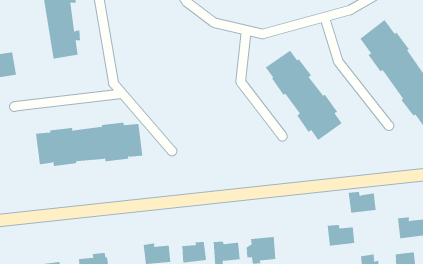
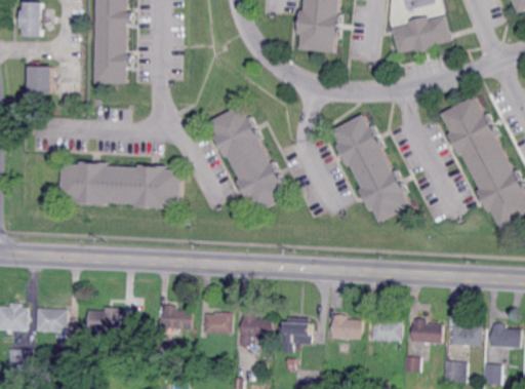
building: none -> [209,105,286,211]
building: [348,192,376,213] -> [411,319,442,344]
building: none -> [332,315,362,340]

